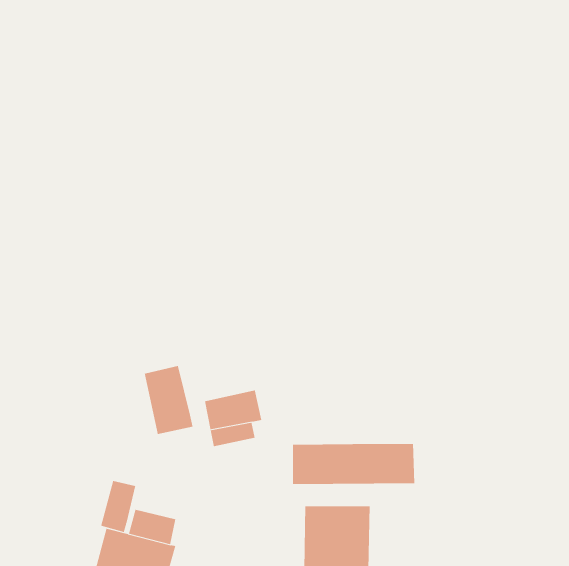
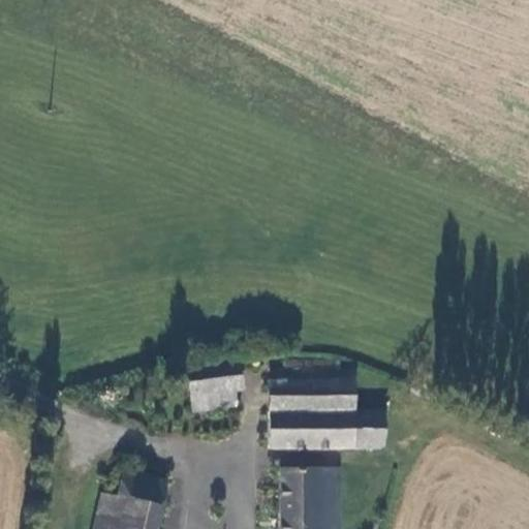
building: [144,365,193,435] -> none
building: none -> [271,374,354,415]
building: [101,480,136,533] -> none

